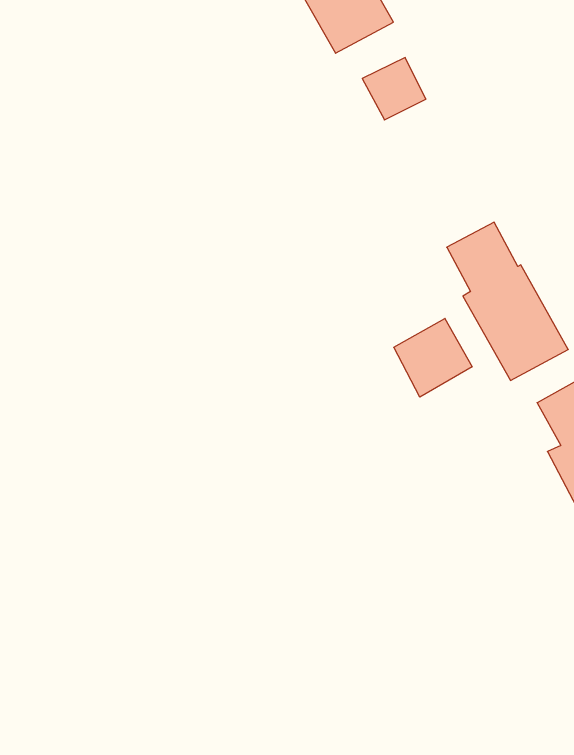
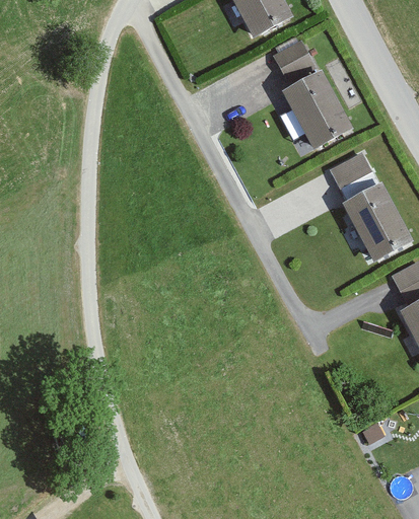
building: none -> [281,69,351,149]
building: [394,318,472,397] -> none

